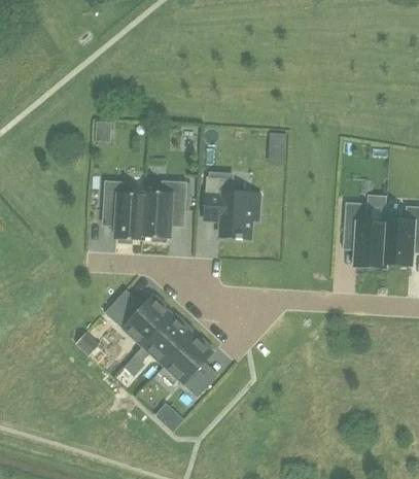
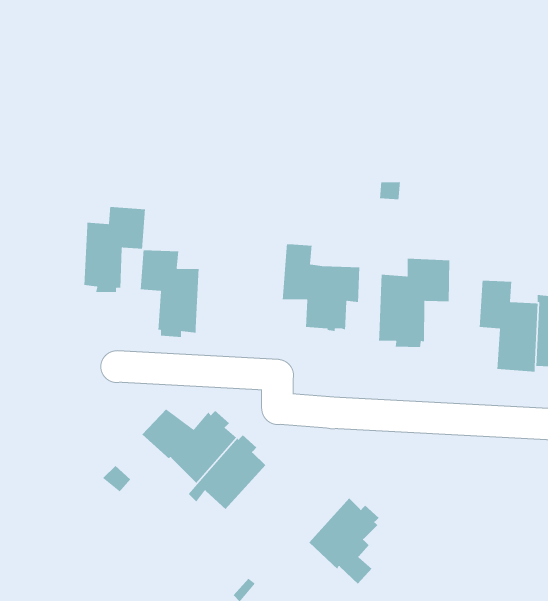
building: [142,179,186,241] -> [83,206,146,293]
building: none -> [378,258,450,348]
building: [163,334,213,396] -> [309,498,380,584]

